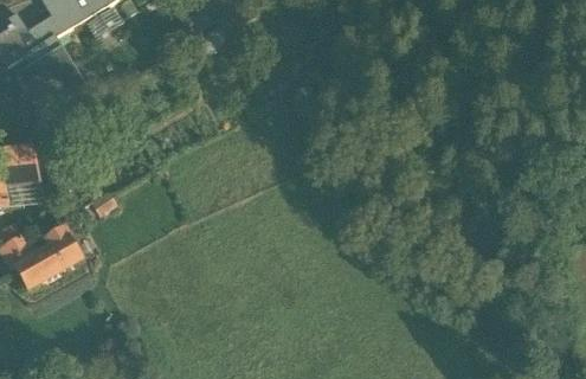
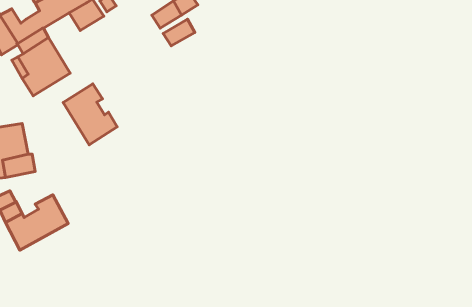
building: none -> [63,84,117,145]

